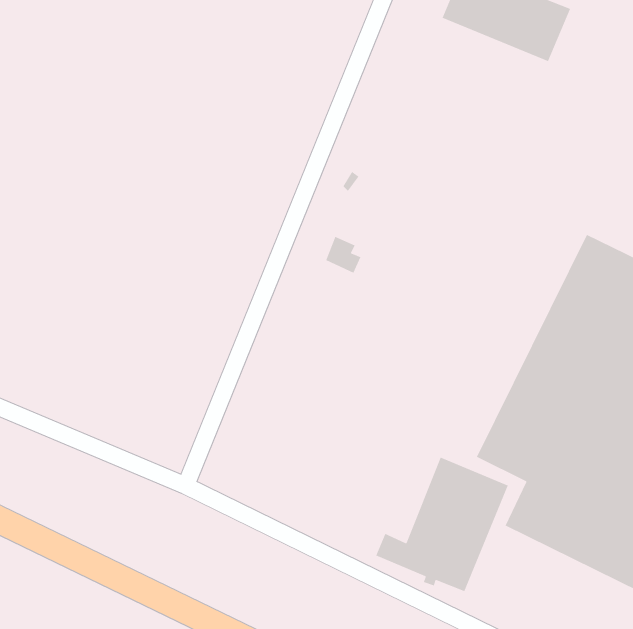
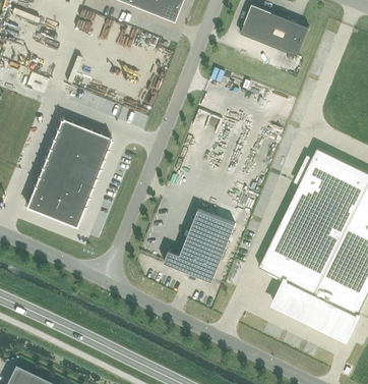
building: none -> [27,118,112,226]
building: [375,457,509,592] -> [164,210,235,282]

